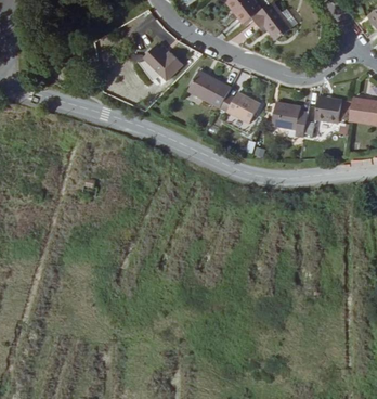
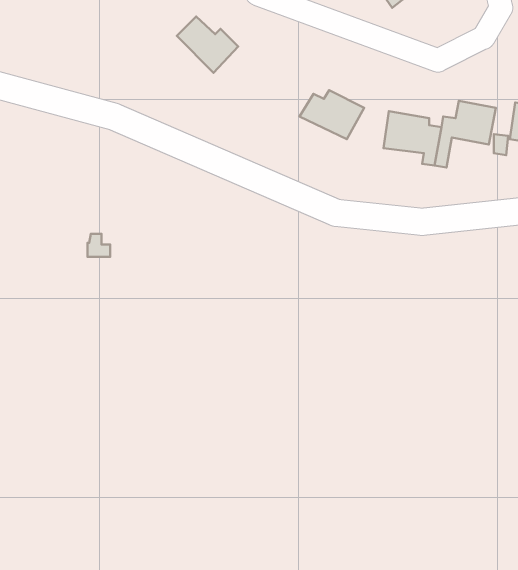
building: [187,70,231,107] -> none

